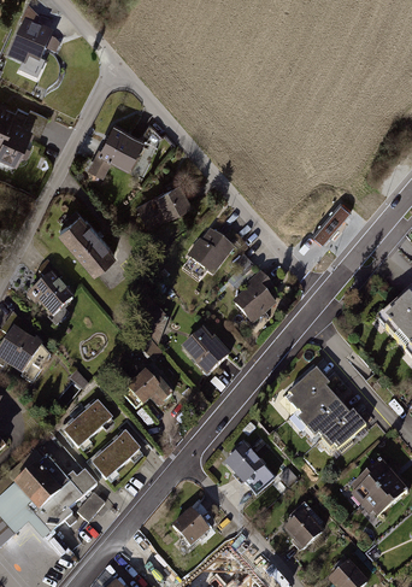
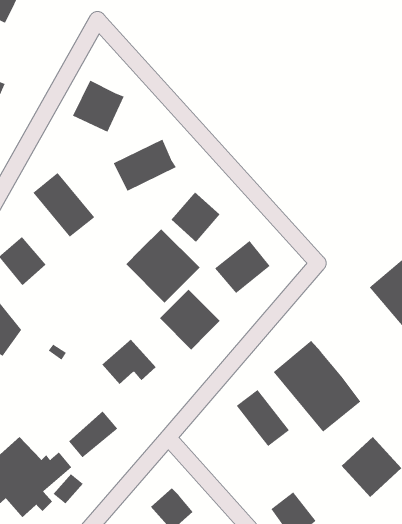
building: none -> [126,228,200,303]
building: [63,401,110,447] -> none
building: [225,444,276,498] -> [236,389,290,447]

